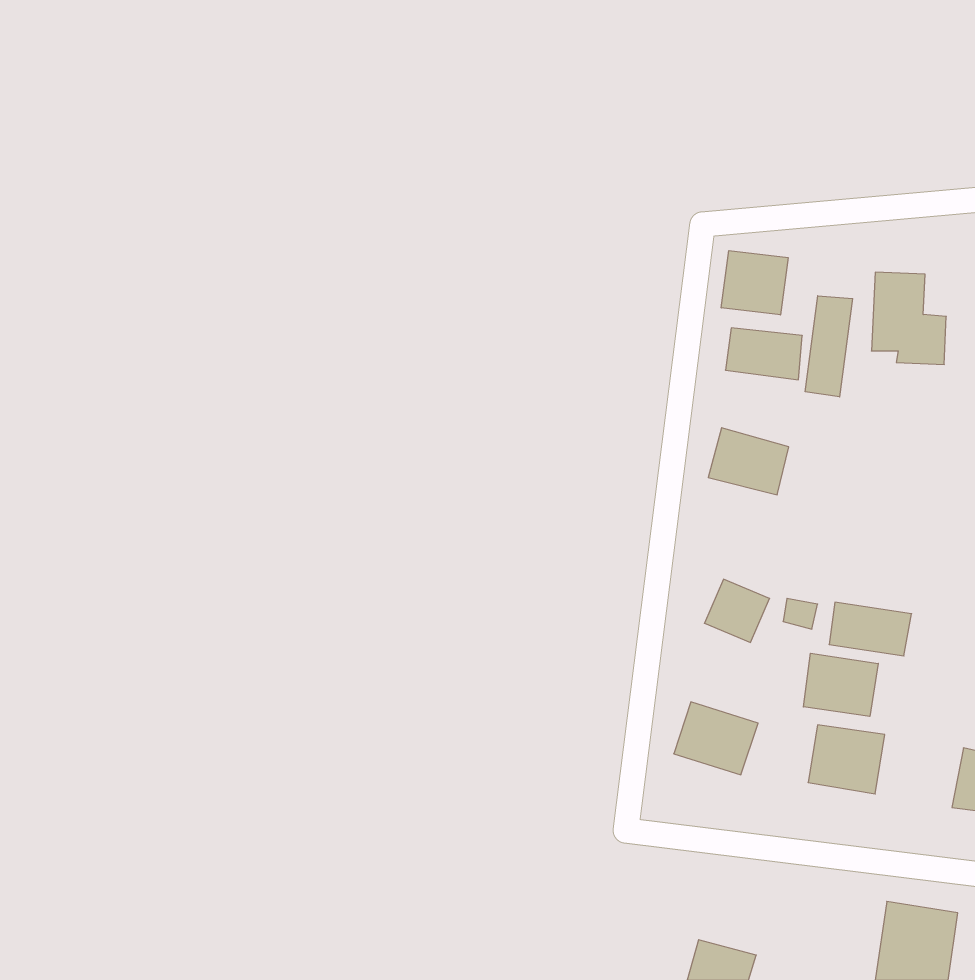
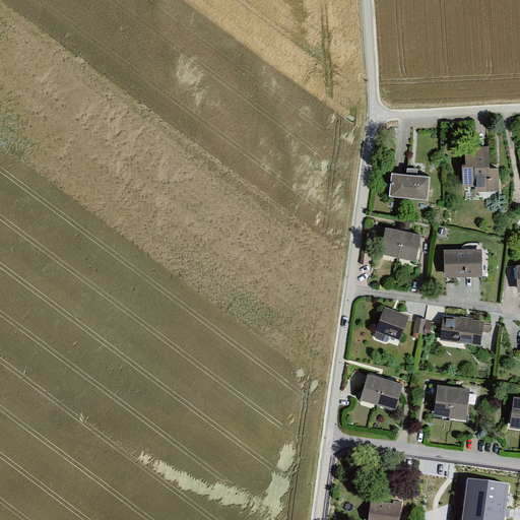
building: [721,251,788,315] -> none
building: [805,296,853,397] -> none
building: none -> [442,250,480,275]
building: [803,653,878,716] -> none

